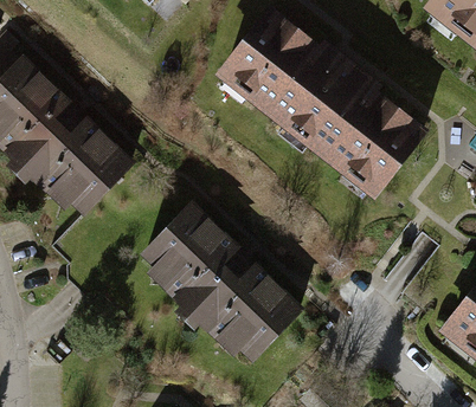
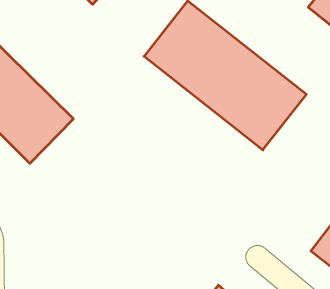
building: [130,199,291,356] -> none

